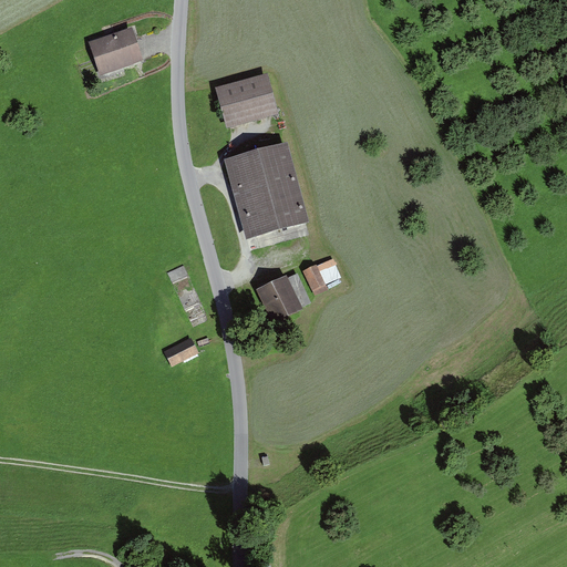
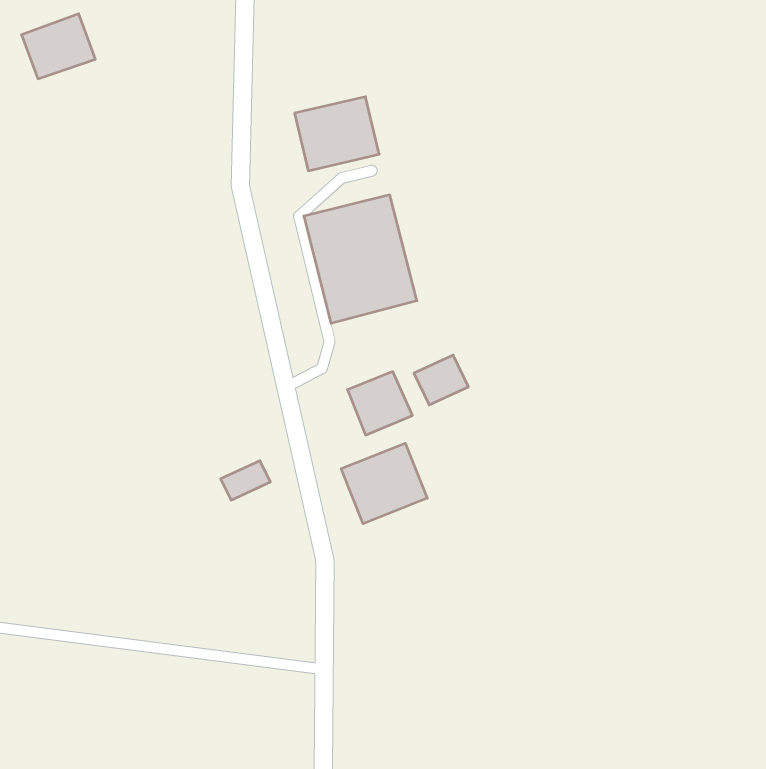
building: [89,28,143,75] -> [21,14,95,79]
building: none -> [341,443,427,524]

